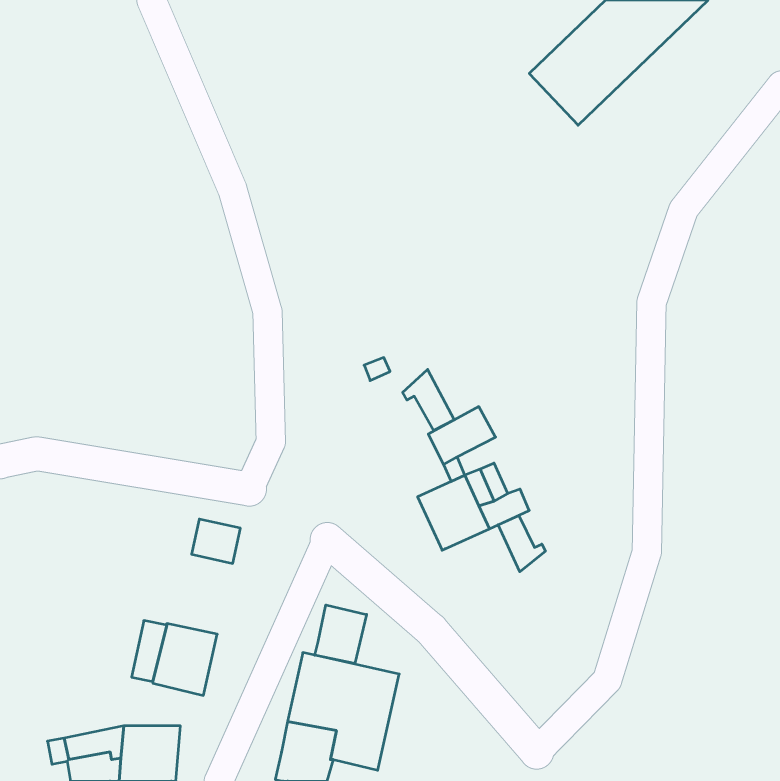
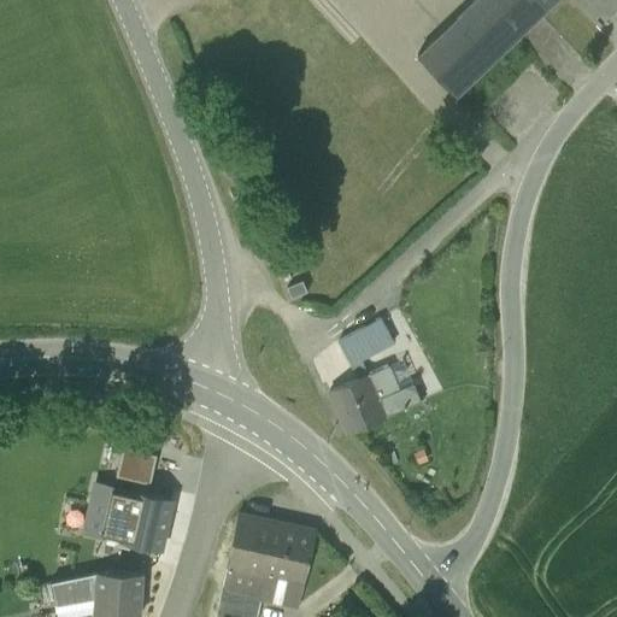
building: [403,369,454,431] -> none
building: [498,515,545,572] -> none
building: [192,519,240,563] -> [116,443,154,478]
building: [315,605,367,663] -> none
building: none -> [86,483,114,535]

